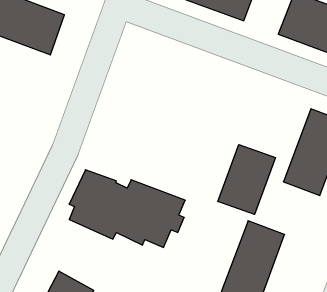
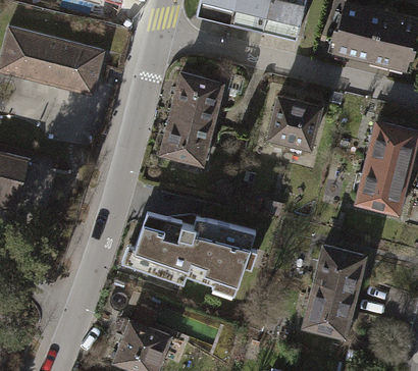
building: none -> [160,72,220,163]
building: none -> [267,97,317,147]
building: [218,145,276,214] -> none

